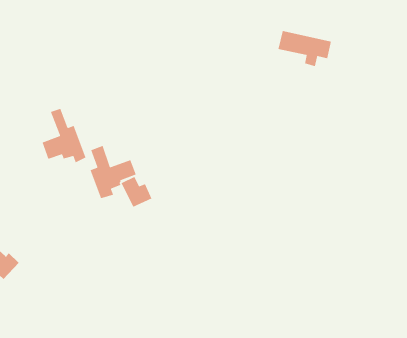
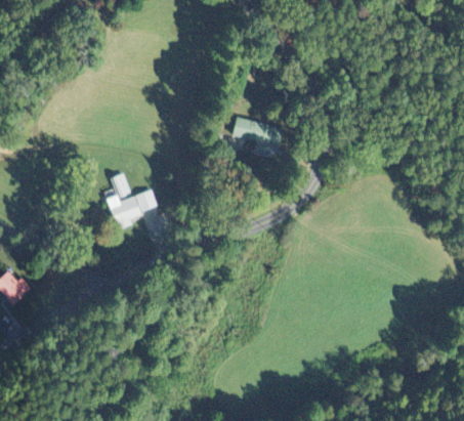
building: [277,30,332,67] -> [225,114,282,154]
building: [41,108,86,163] -> none

